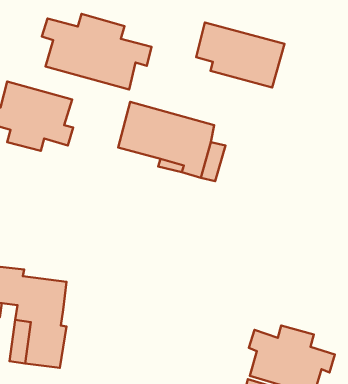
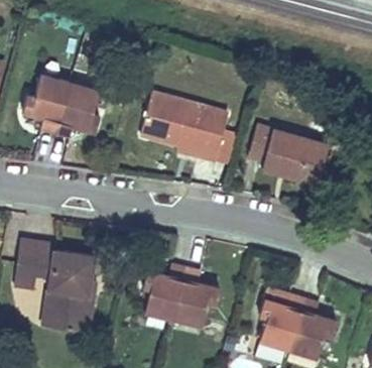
building: [42,14,151,89] -> none
building: [196,23,284,87] -> [249,125,329,183]
building: none -> [143,264,220,325]

